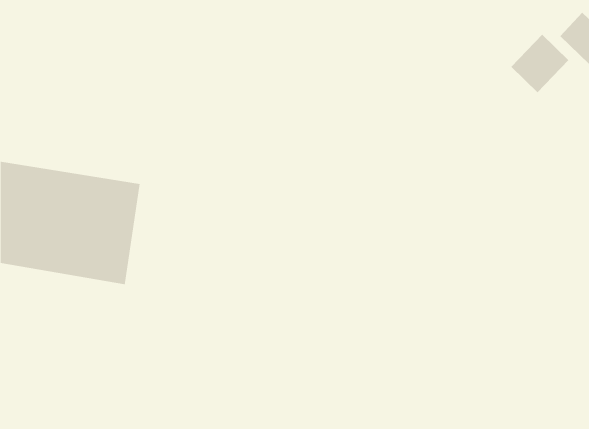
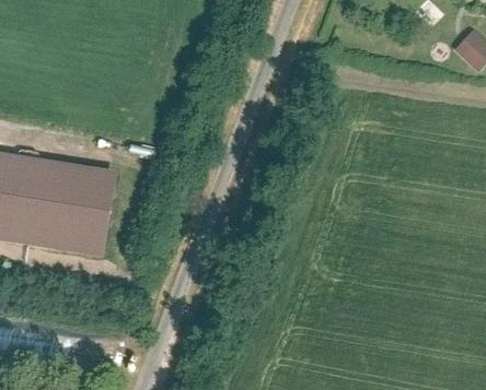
building: [510,34,569,93] -> none

